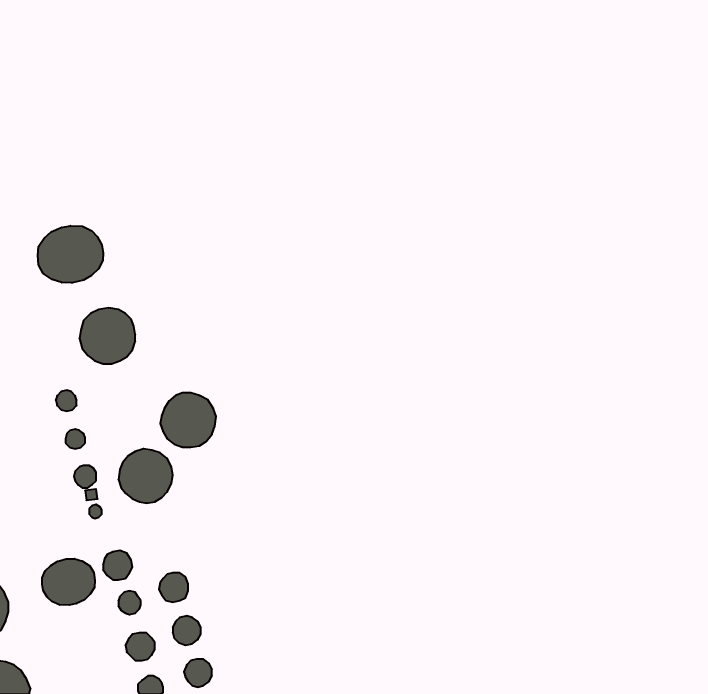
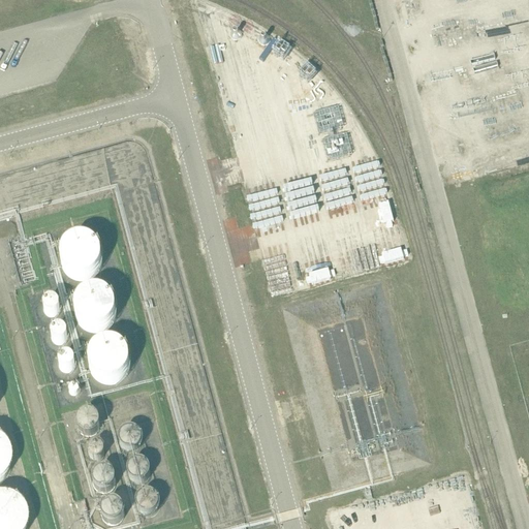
building: [38,226,103,283] -> none
building: [160,393,216,447] -> [73,281,115,321]
building: [42,559,95,605] -> none

